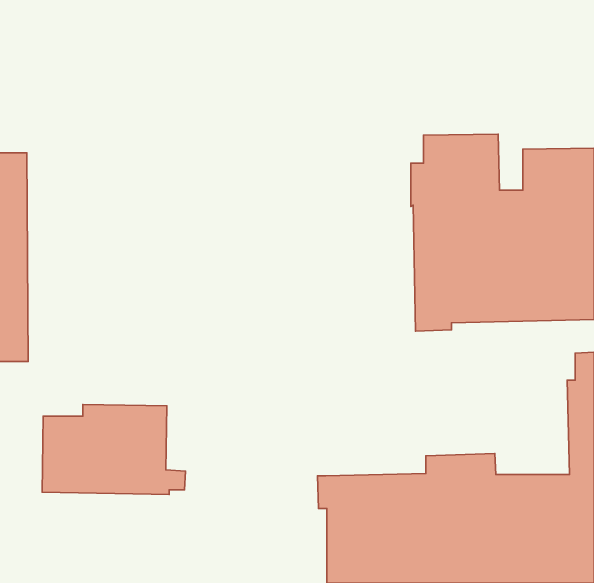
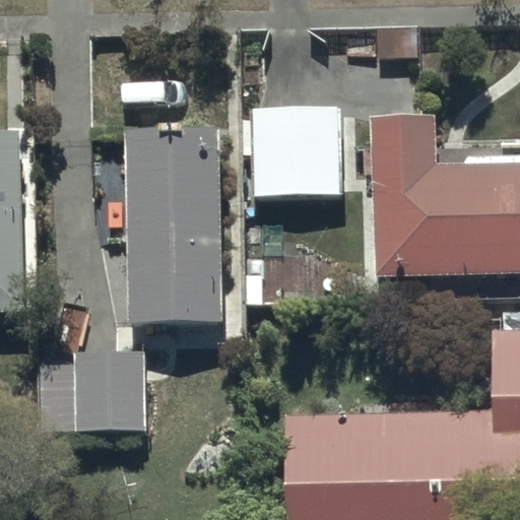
building: none -> [243,109,343,196]
building: none -> [126,124,222,323]

